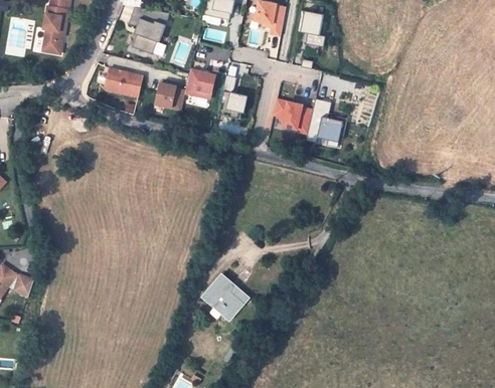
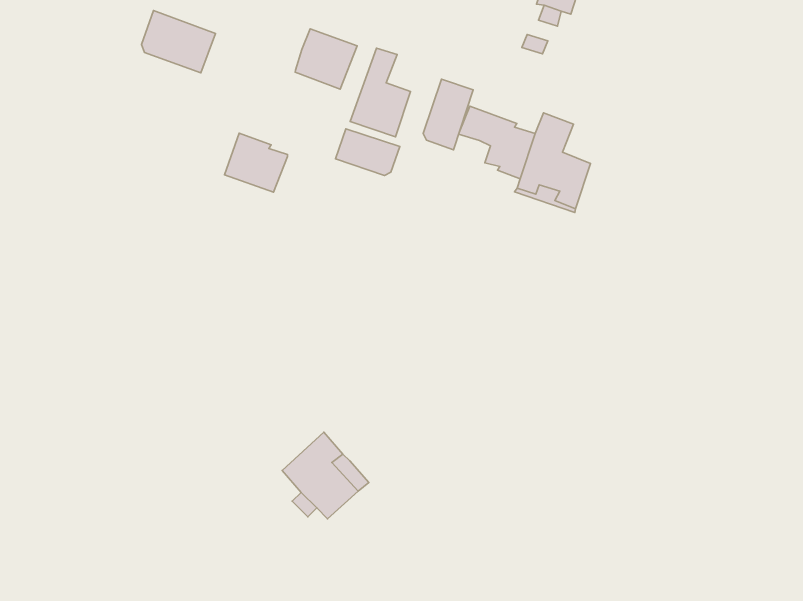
building: [155,82,186,111] -> [224,133,288,192]
building: none -> [423,79,473,150]
building: none -> [336,129,400,175]

